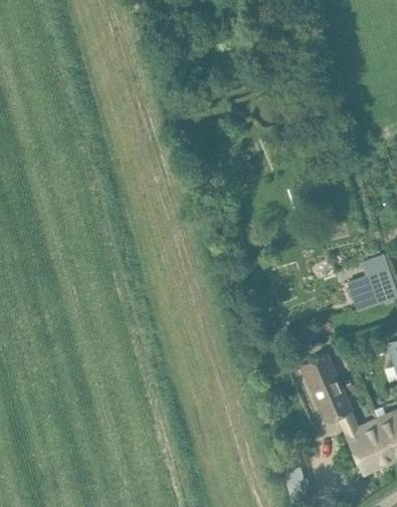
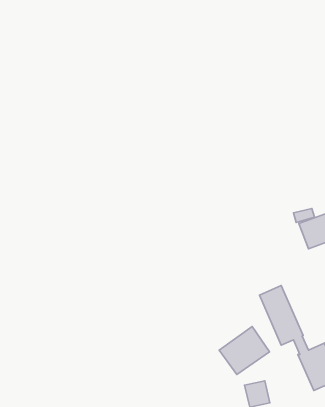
building: none -> [219,327,269,374]

